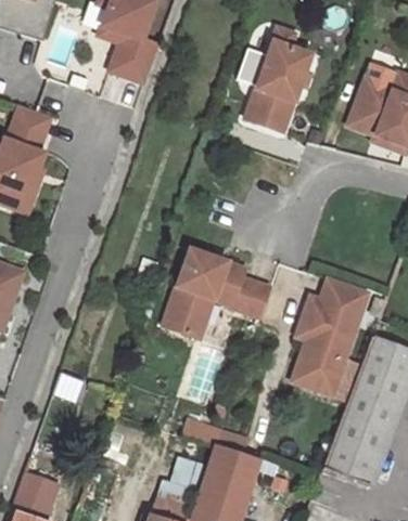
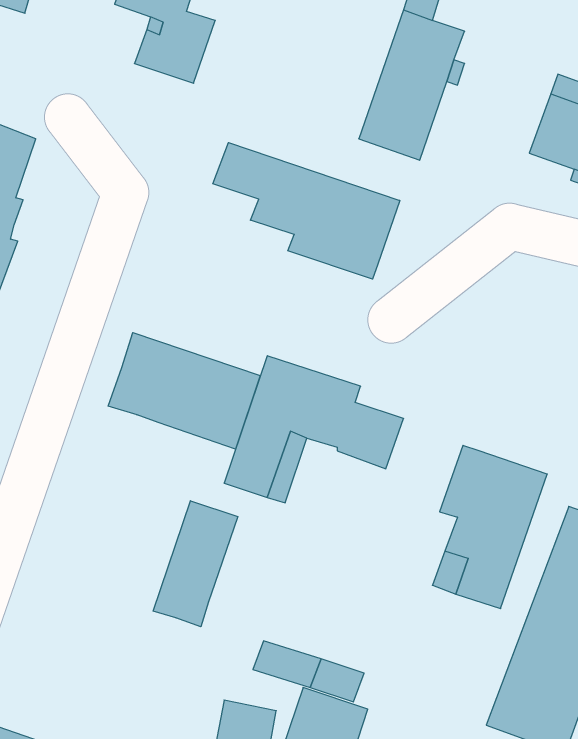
building: none -> [213,143,400,279]
building: none -> [108,333,260,449]
building: [318,277,368,320] -> none
building: none -> [153,501,238,627]

